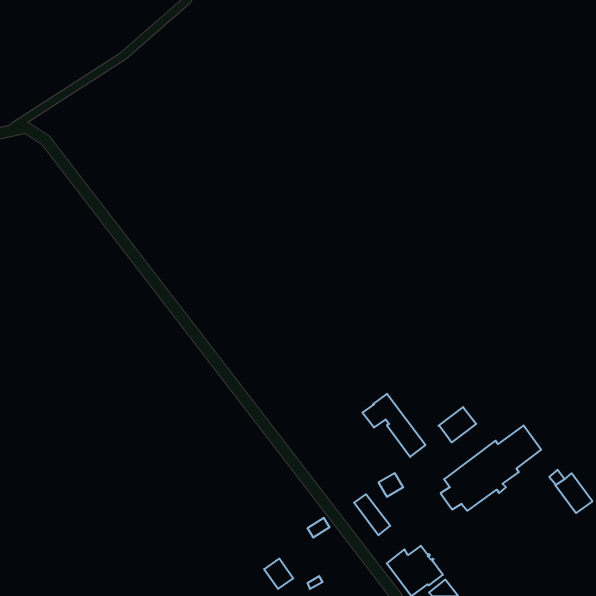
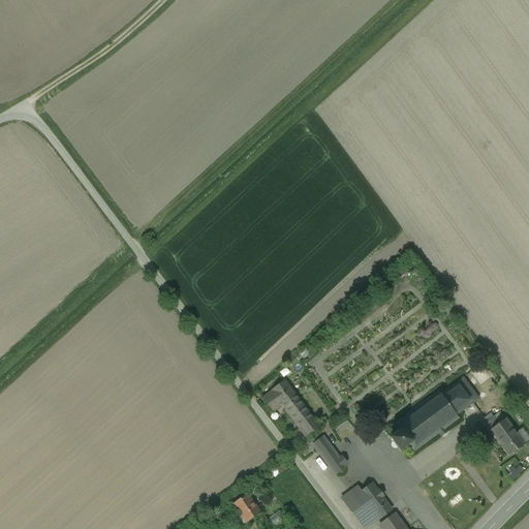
building: [362,394,425,457] -> [263,380,319,436]
building: [438,407,476,442] -> none

